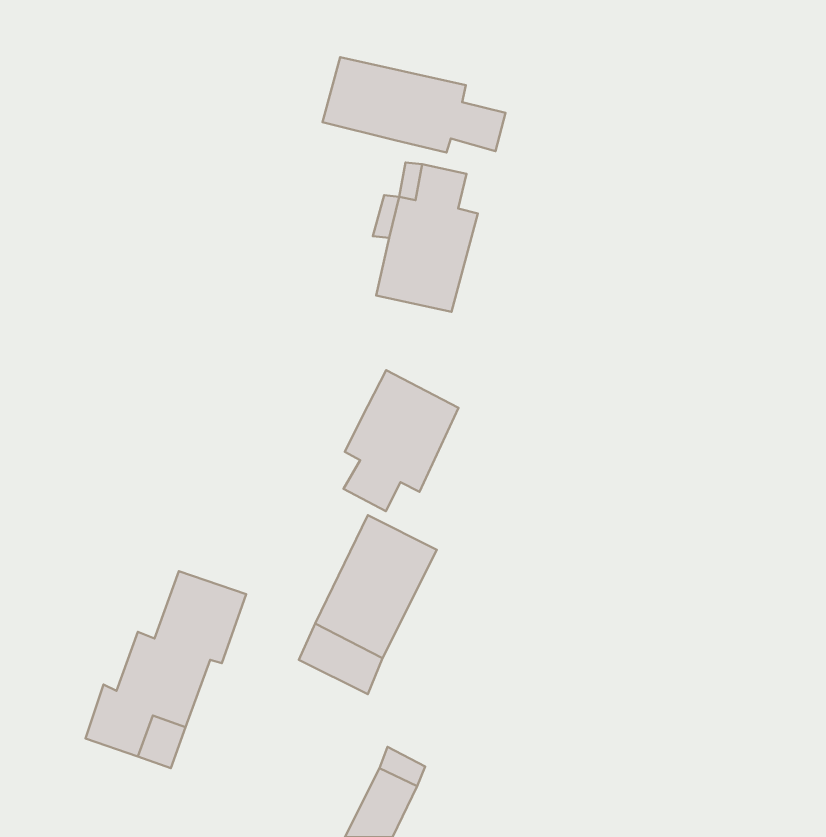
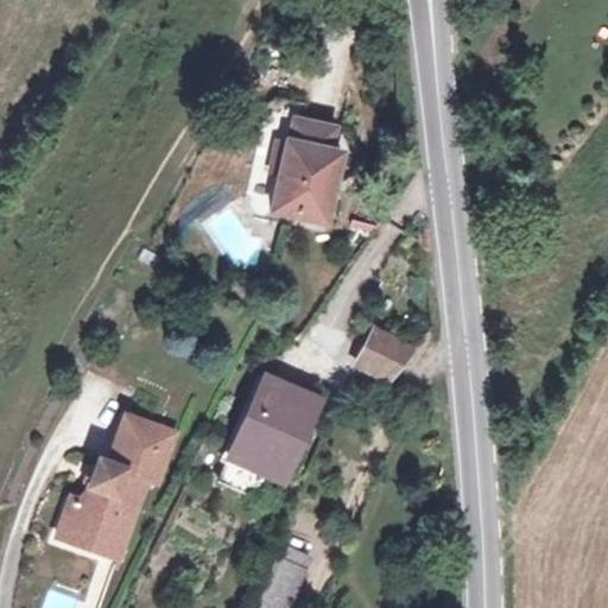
building: [322,57,506,153] -> none
building: [343,370,458,511] -> none
building: none -> [354,328,411,380]

